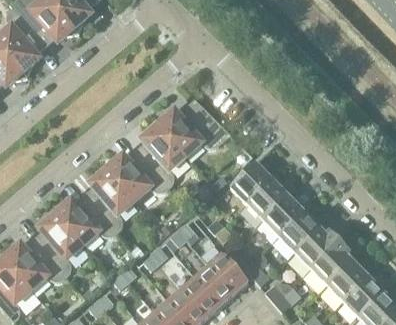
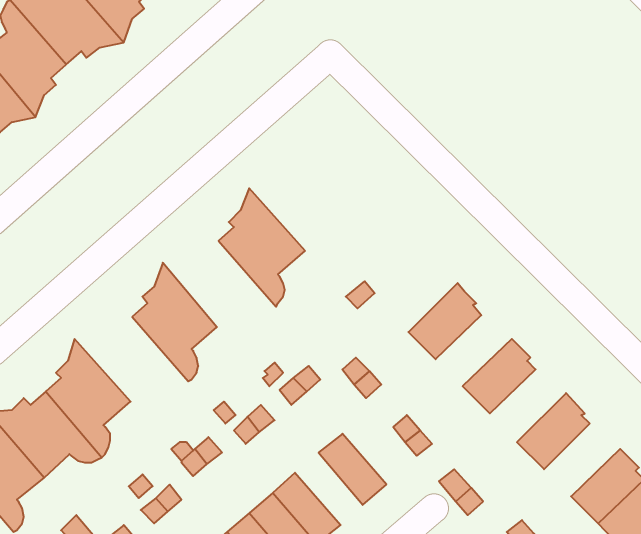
building: [152,100,230,157] -> none
building: [101,151,168,202] -> none
building: [229,161,275,205] -> none
building: [262,195,307,237] -> none
building: [49,196,116,246] -> none
building: [294,227,339,270] -> none
building: [207,252,247,295] -> none
building: [326,259,371,302] -> none
building: [179,276,219,319] -> none

